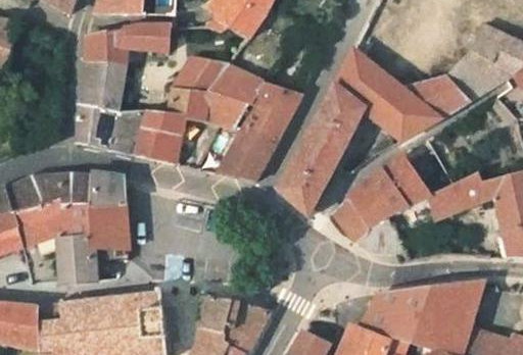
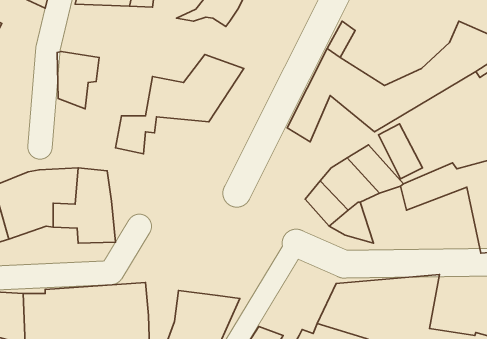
building: [82,26,173,64] -> none
building: [175,50,228,90] -> none
building: [220,75,301,182] -> none
building: [77,106,143,156] -> none
building: [281,136,335,212] -> none
building: [66,236,101,283] -> none

